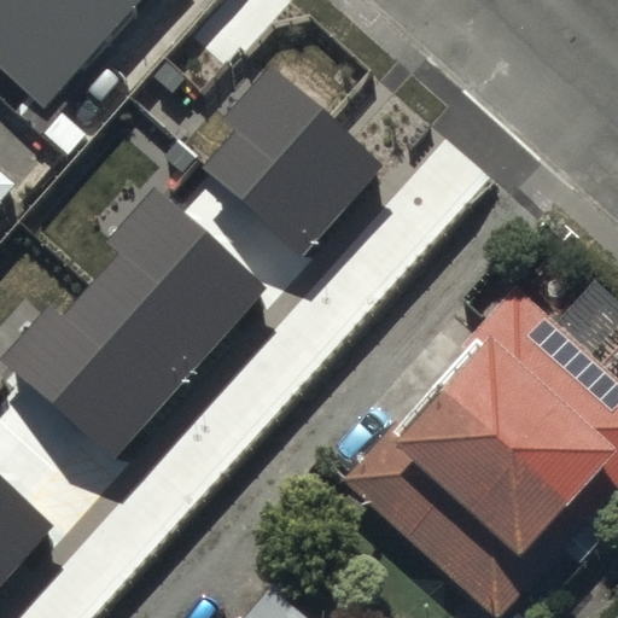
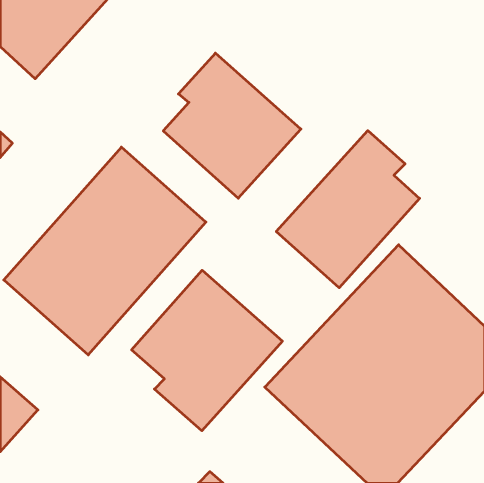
building: none -> [276,131,420,288]
building: none -> [132,270,282,431]

